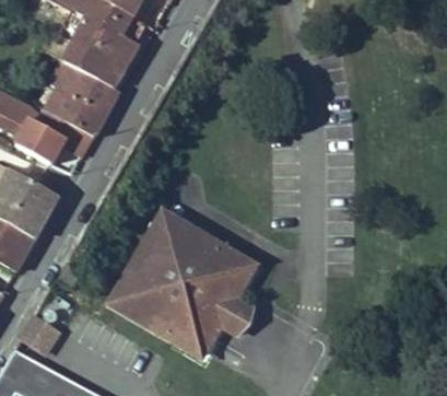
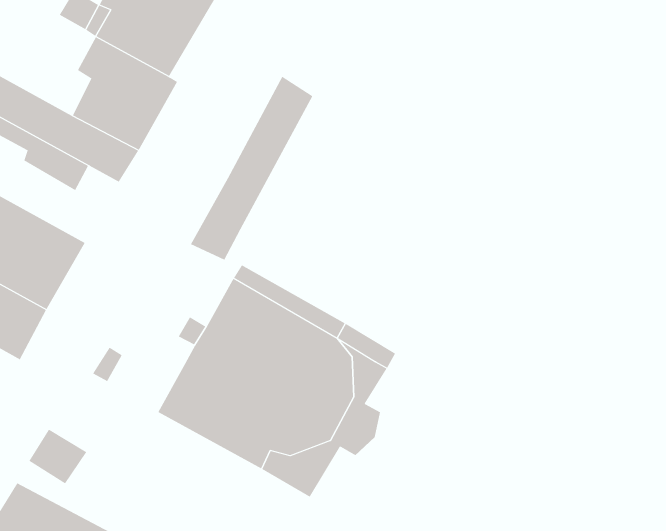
building: none -> [190,76,313,260]

